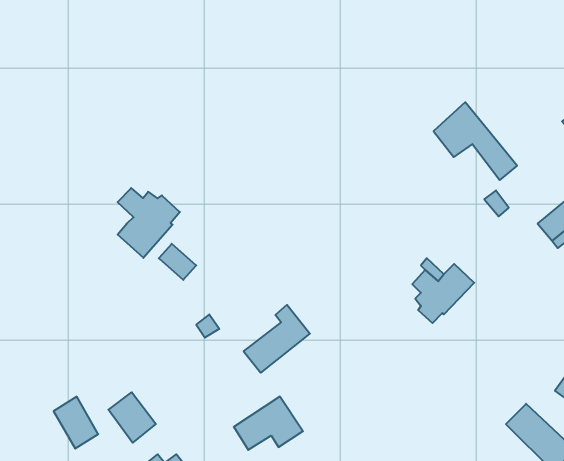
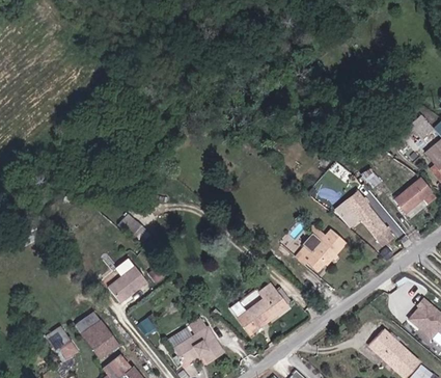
building: [434,102,517,180] -> [334,190,394,246]
building: [118,188,180,258] -> none
building: [244,305,310,373] -> [239,284,286,332]
building: none -> [109,265,146,300]

